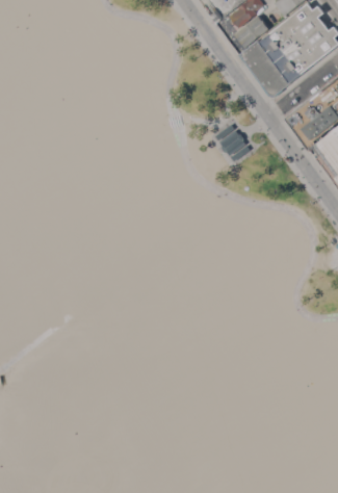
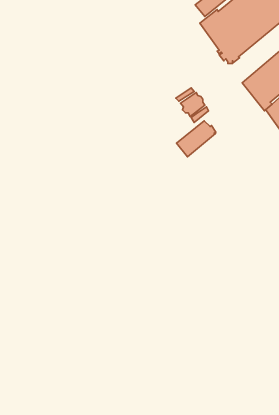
building: none -> [177,121,216,157]

